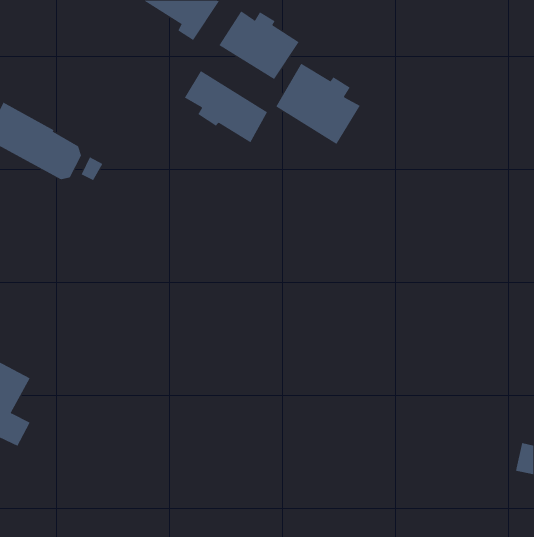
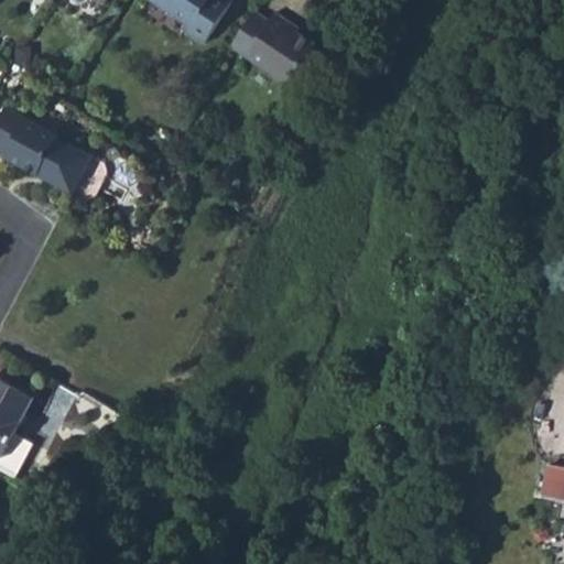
building: [276,63,361,145] -> none
building: [184,70,268,143] -> none

